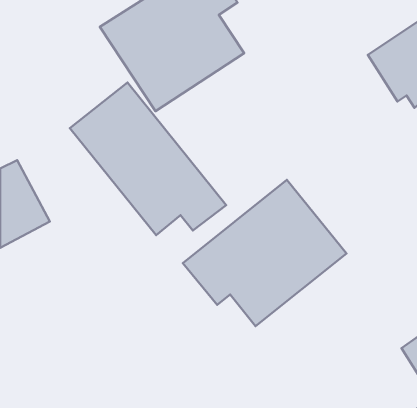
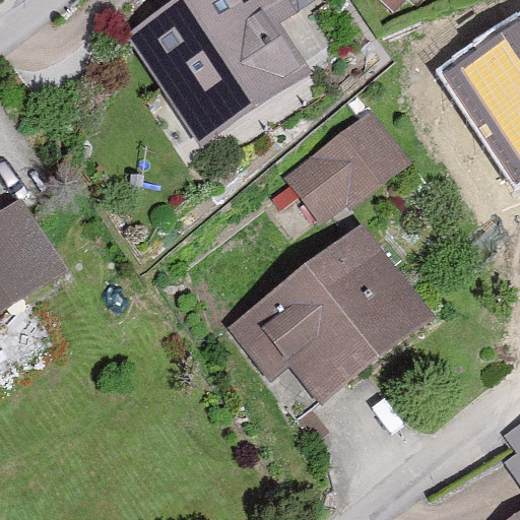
building: [70,83,226,235] -> none
building: none -> [285,110,407,217]

